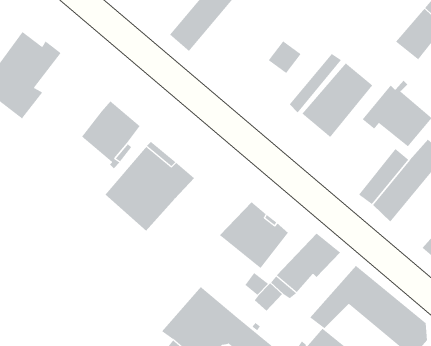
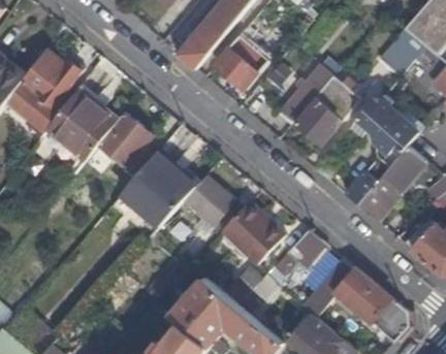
building: none -> [214,34,268,90]
building: none -> [46,90,116,156]
building: none -> [182,175,232,234]

